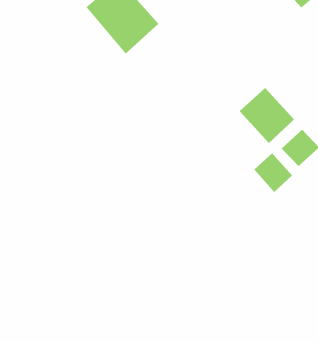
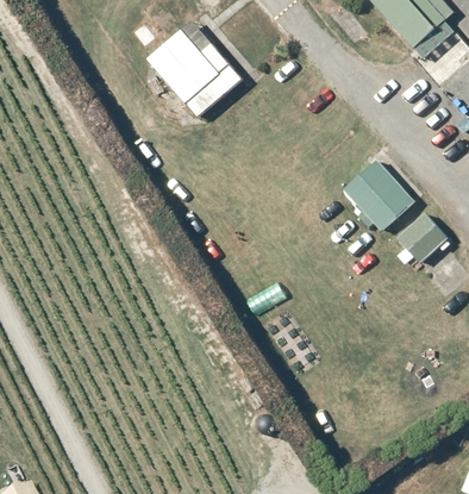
building: [253,152,293,193] -> none

